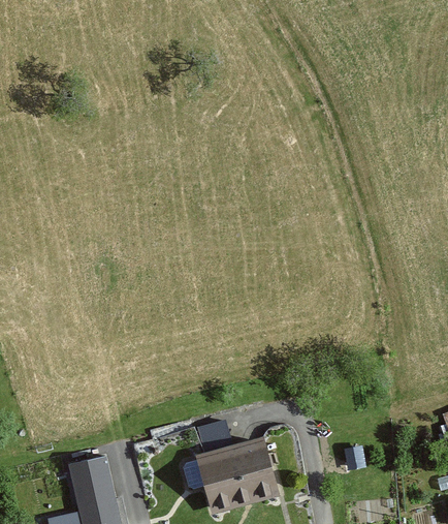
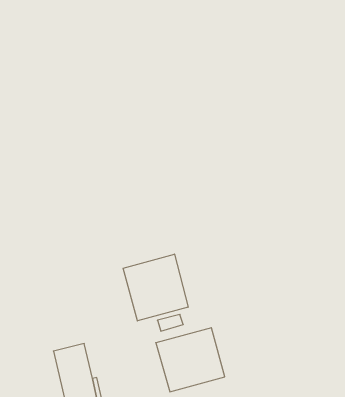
building: none -> [123,254,188,321]

